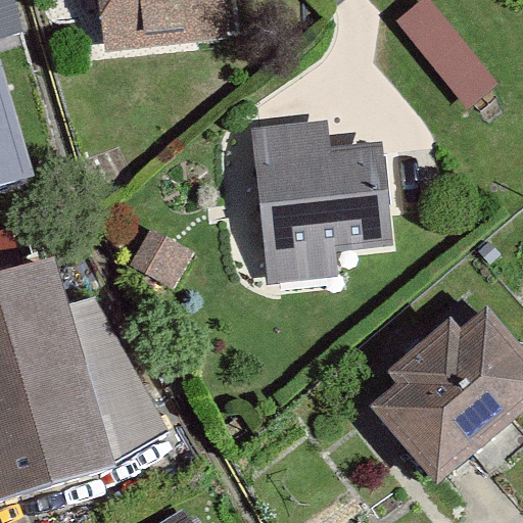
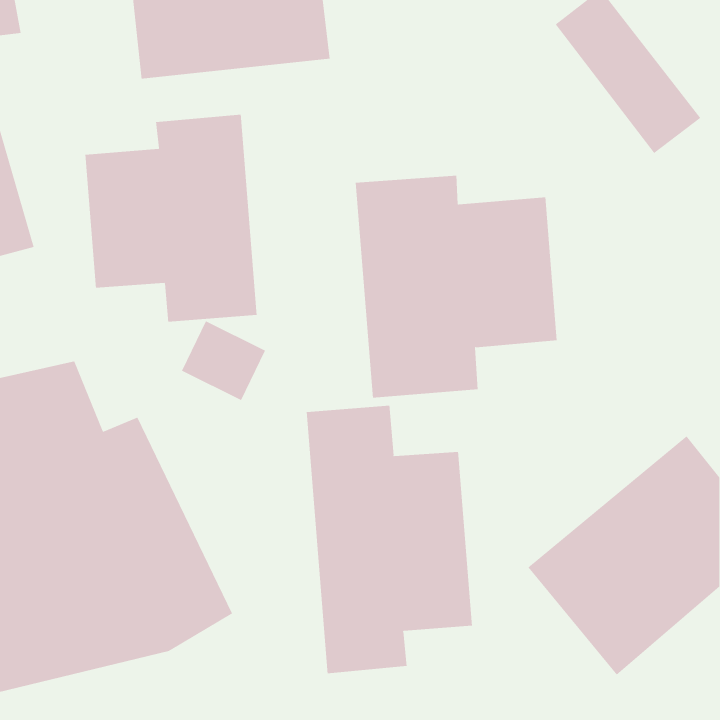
building: none -> [85,114,257,322]
building: none -> [306,405,472,674]

